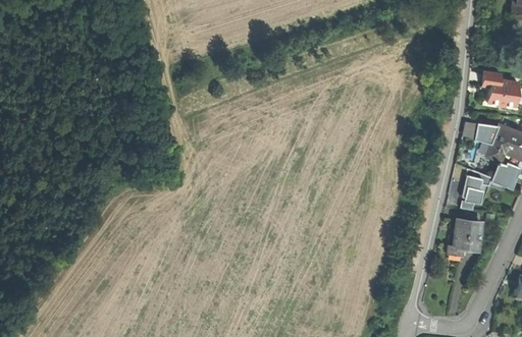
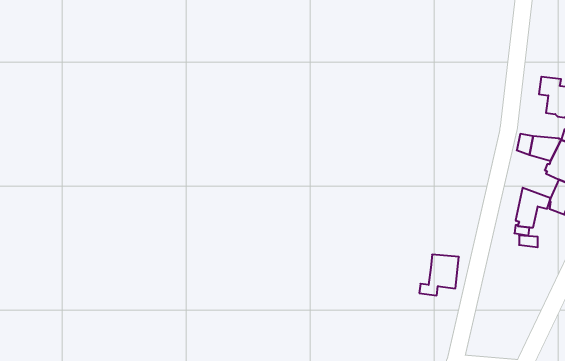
building: [447,219,481,255] -> [419,255,459,295]

